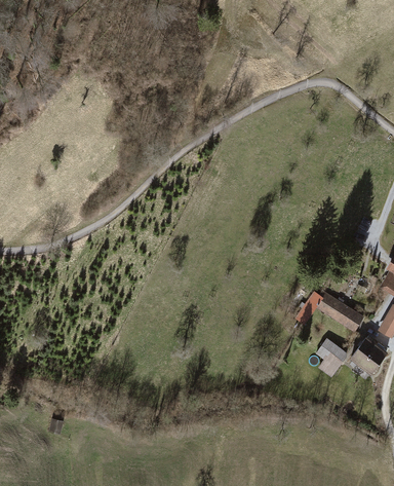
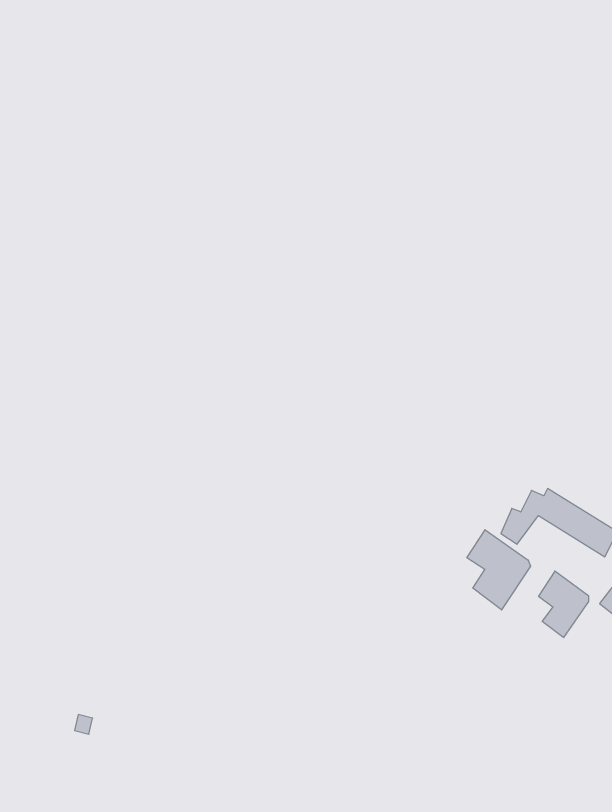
building: none -> [467,530,530,610]

